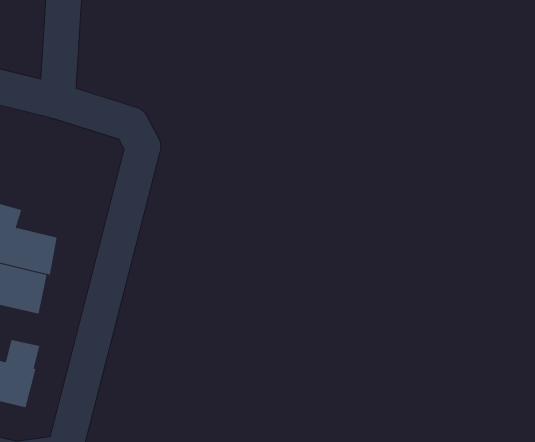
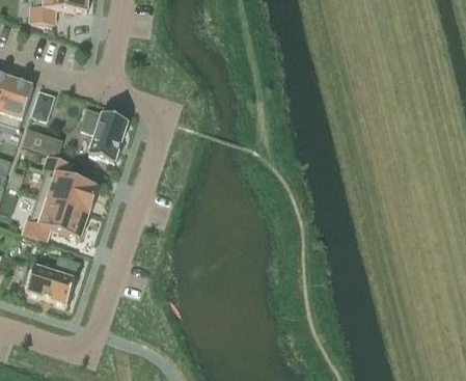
building: none -> [80,110,128,162]

